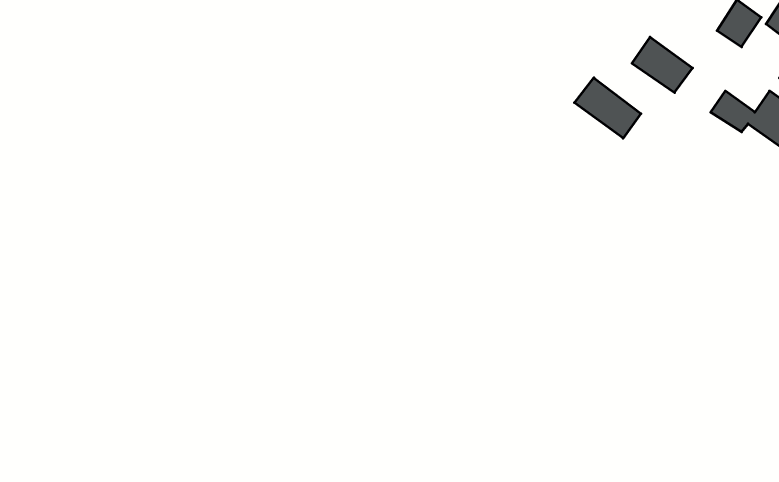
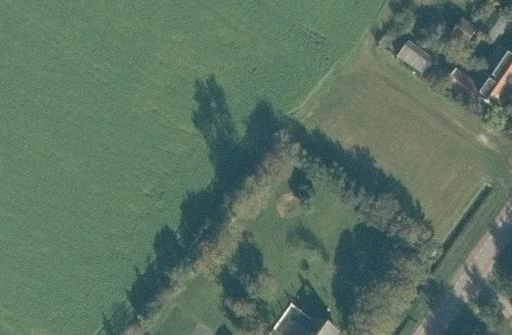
building: [574,78,641,138] -> none

